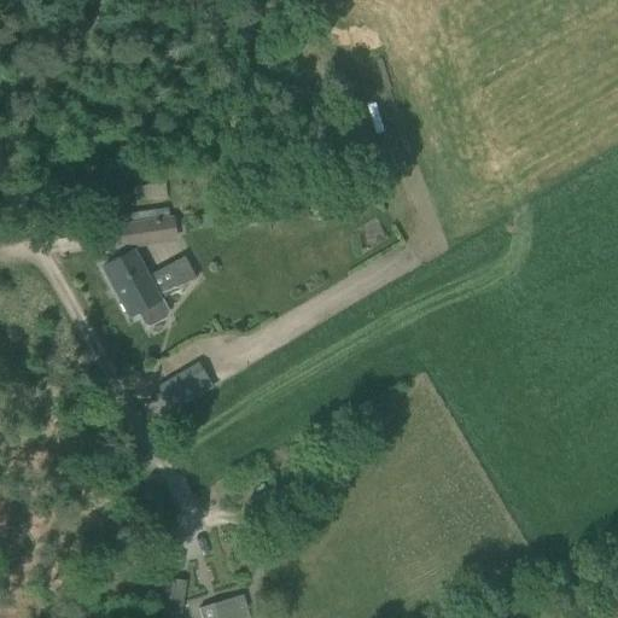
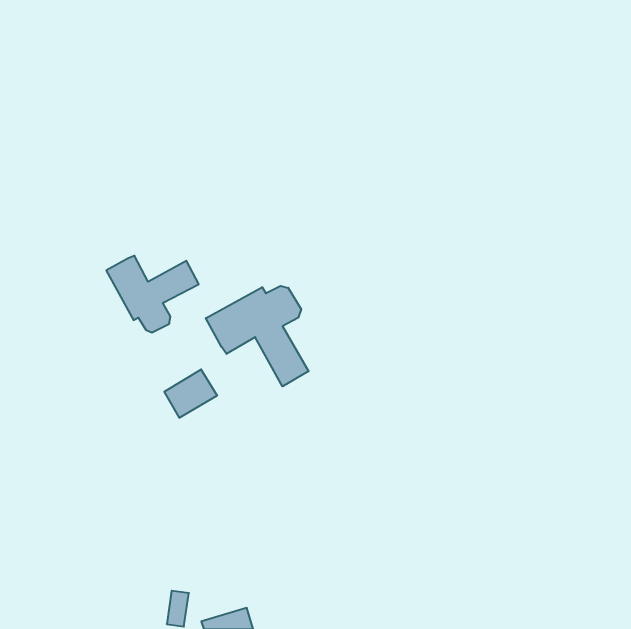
building: [124,215,175,246] -> none
building: none -> [206,286,309,386]

